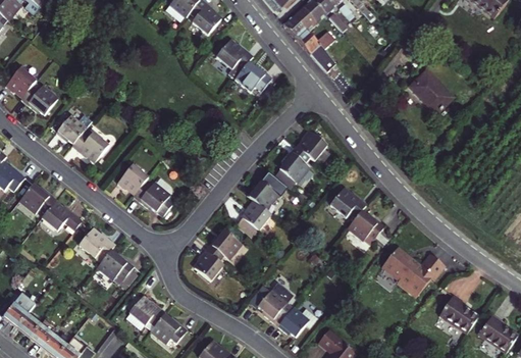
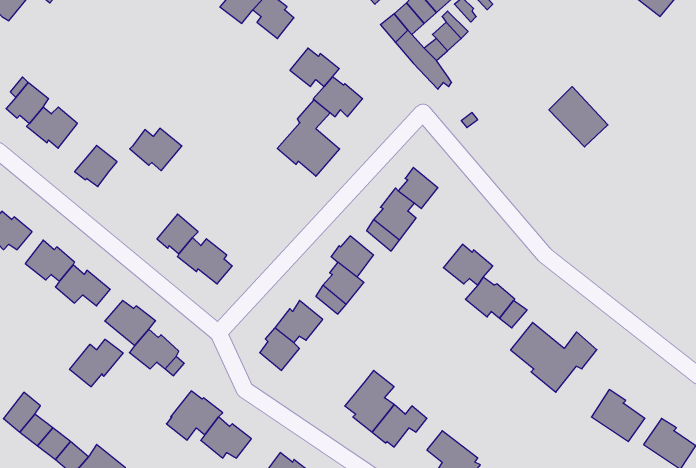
building: none -> [277,100,340,176]
building: [71,130,110,161] -> [130,128,182,171]
building: none -> [70,339,123,387]

